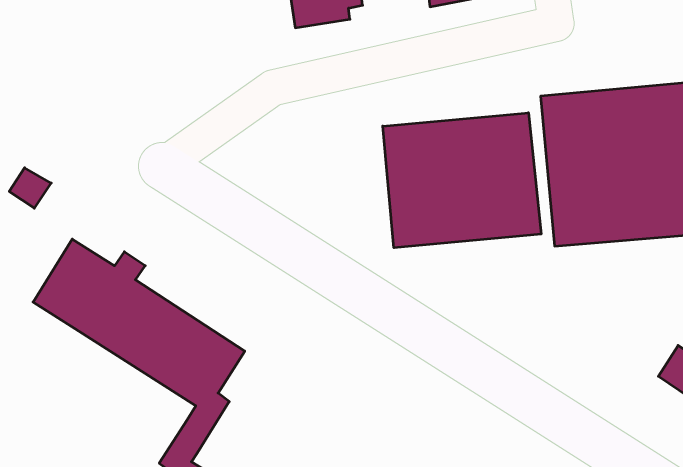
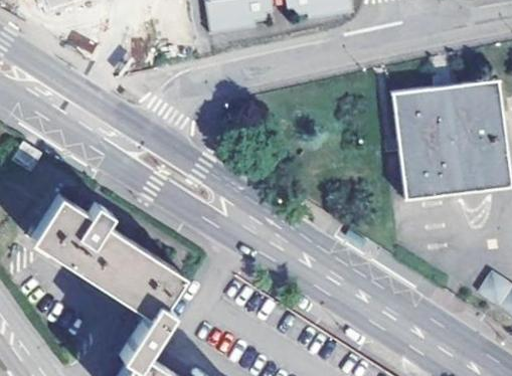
building: [383,113,541,248] -> none

